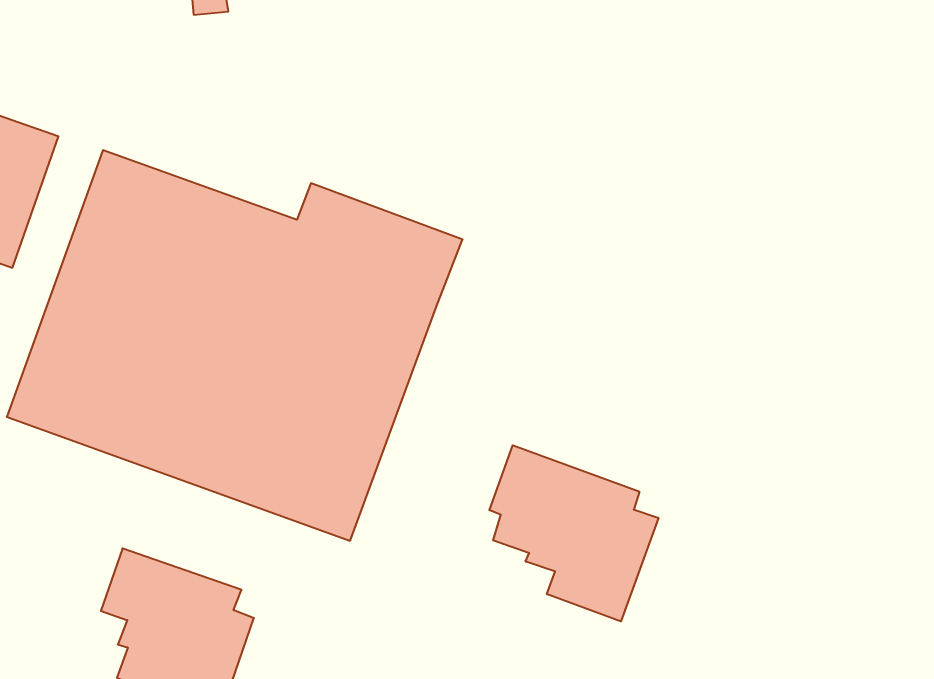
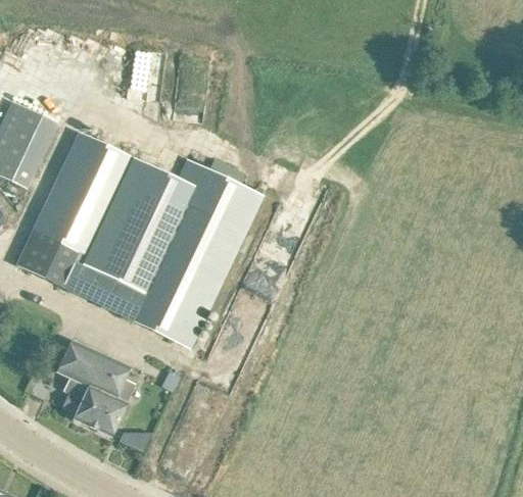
building: [489,445,658,621] -> none

